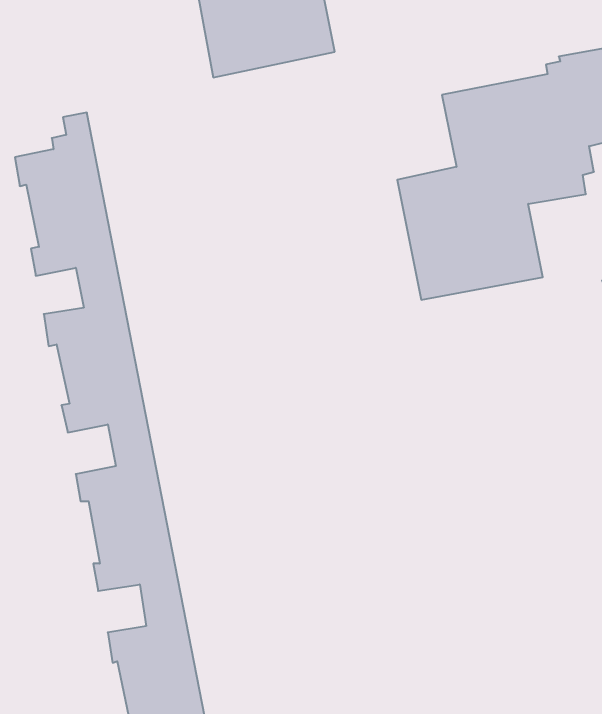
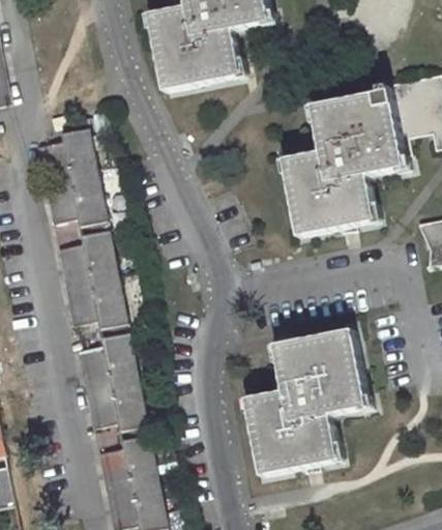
building: none -> [248,326,370,475]

